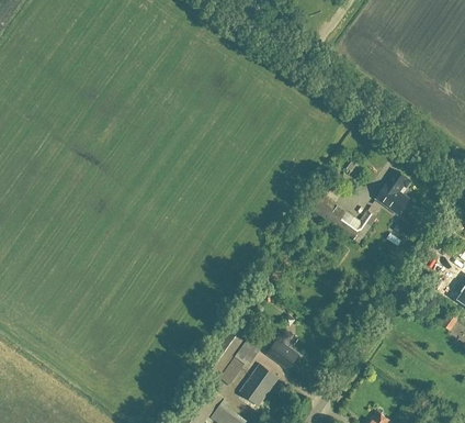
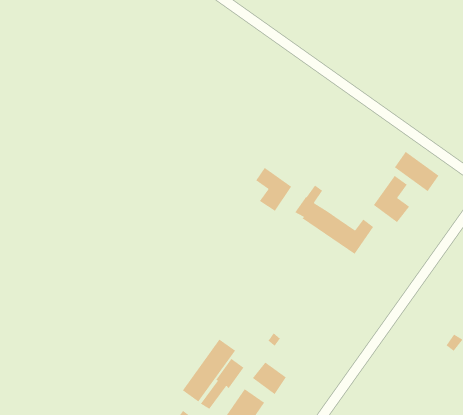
building: none -> [394,151,440,192]
building: none -> [255,167,292,212]

